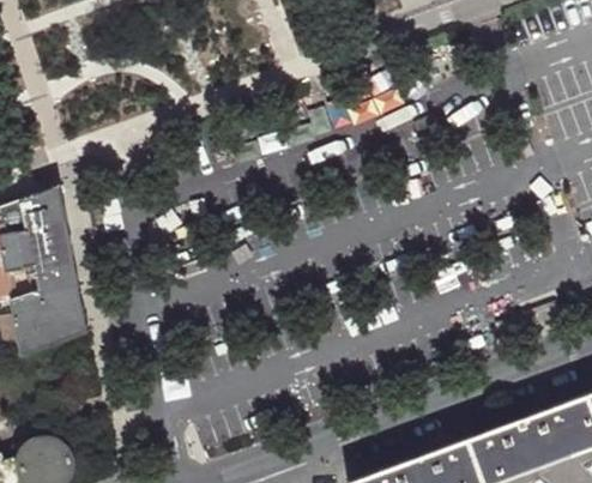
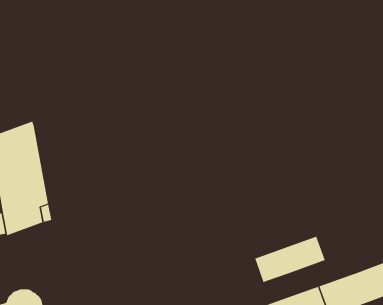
building: none -> [254,236,325,283]

